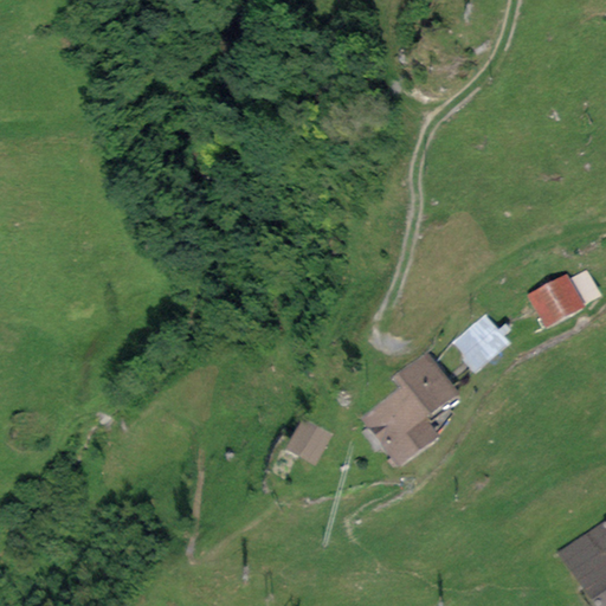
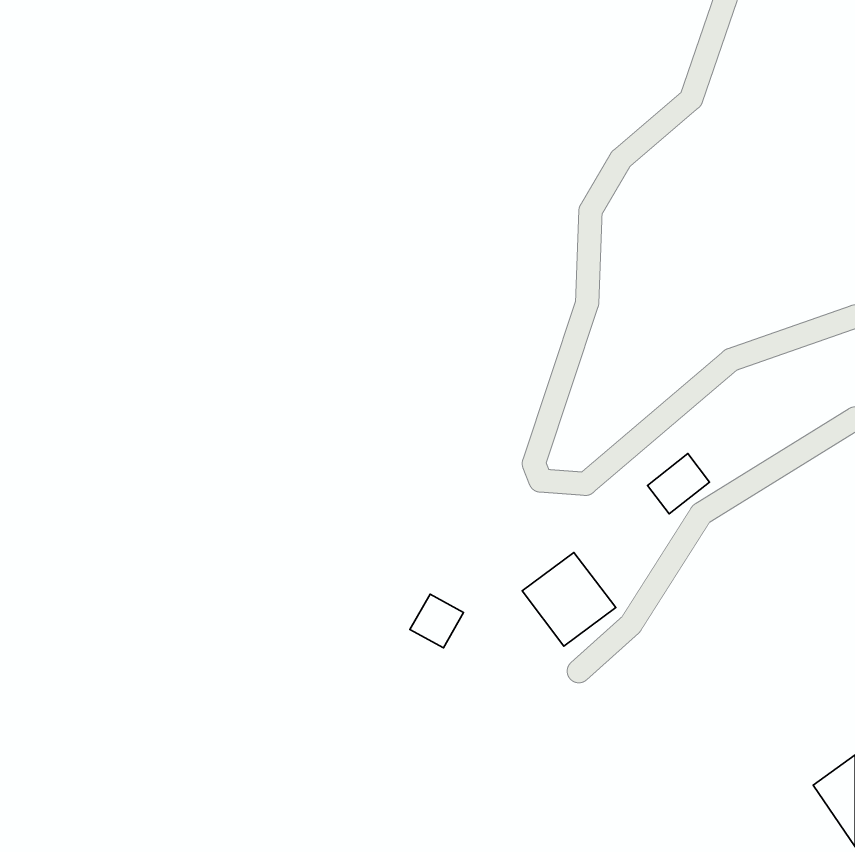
building: [534,278,579,321] -> none
building: [398,357,450,411] -> none

